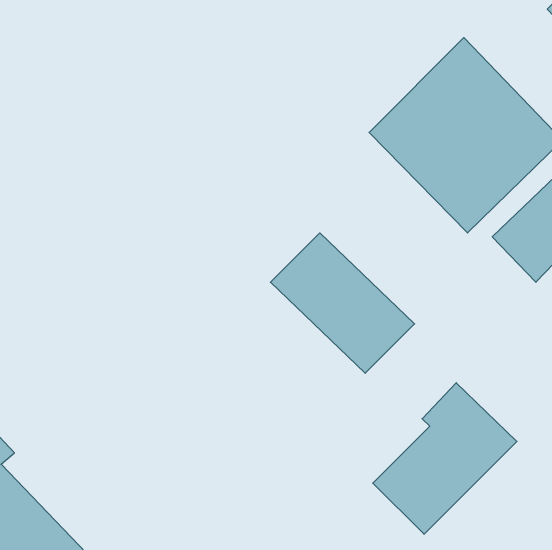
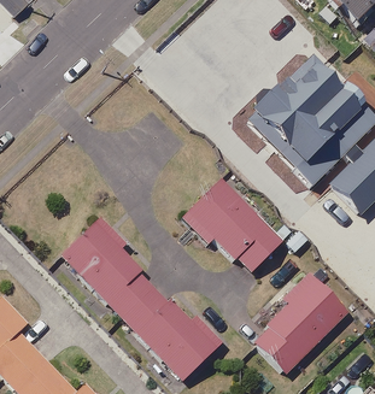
building: none -> [65,225,219,378]

